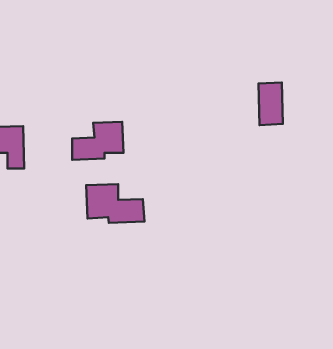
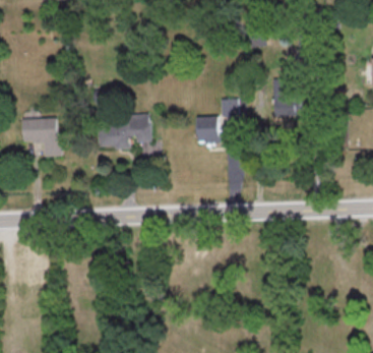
building: none -> [196,98,237,143]
building: [86,184,145,223] -> none

